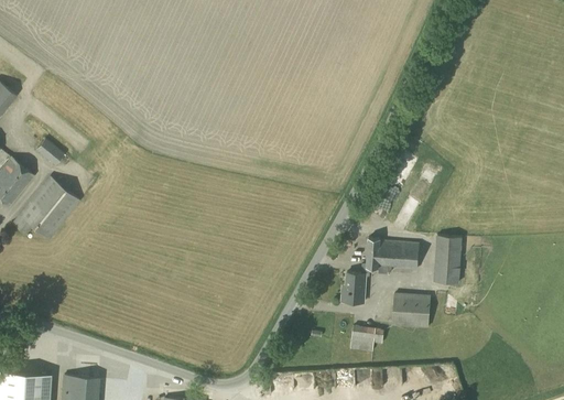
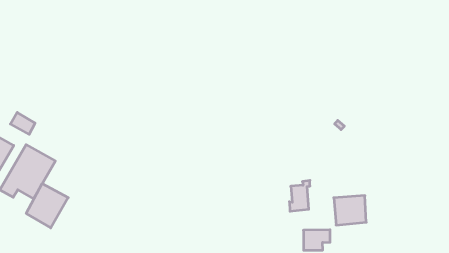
building: none -> [26,184,68,228]
building: [433,235,464,283] -> none
building: [361,238,419,274] -> none

